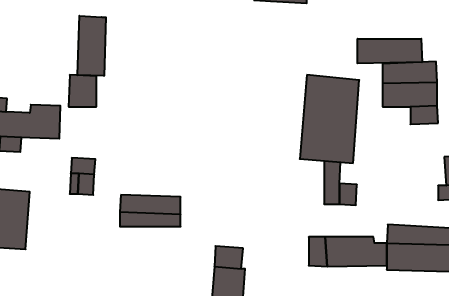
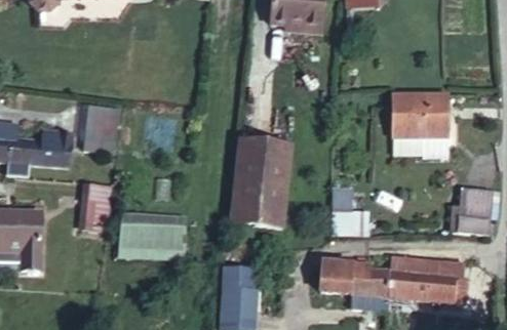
building: [77,16,106,76] -> none
building: [357,39,422,63] -> none
building: [300,75,359,163] -> [231,149,290,237]

